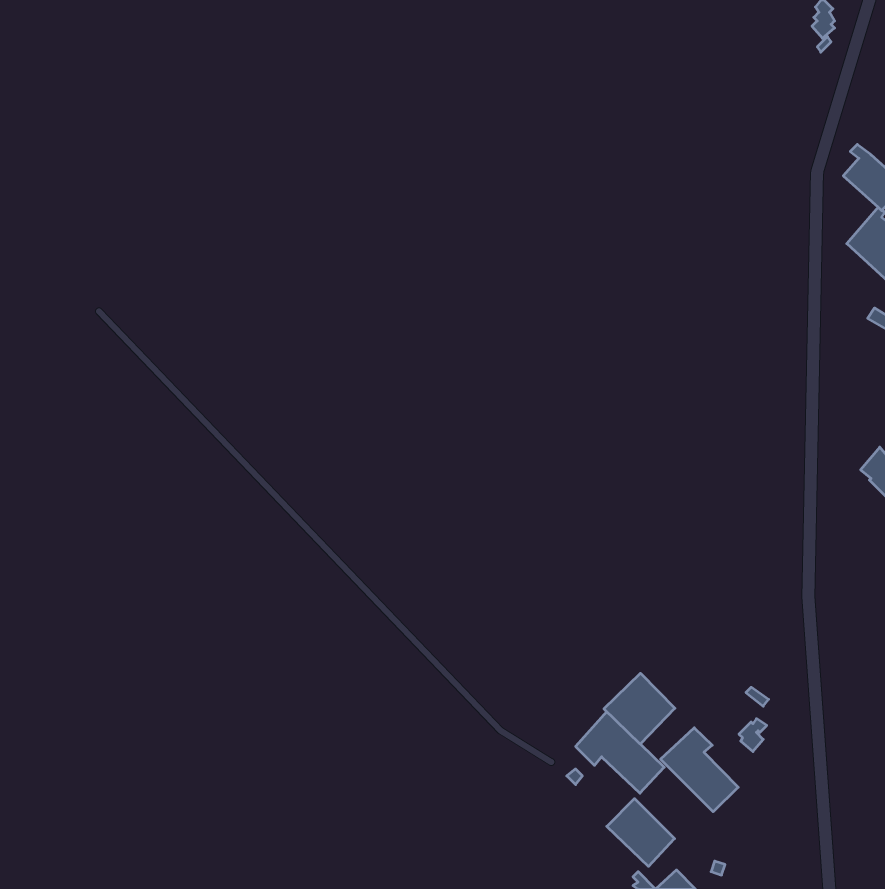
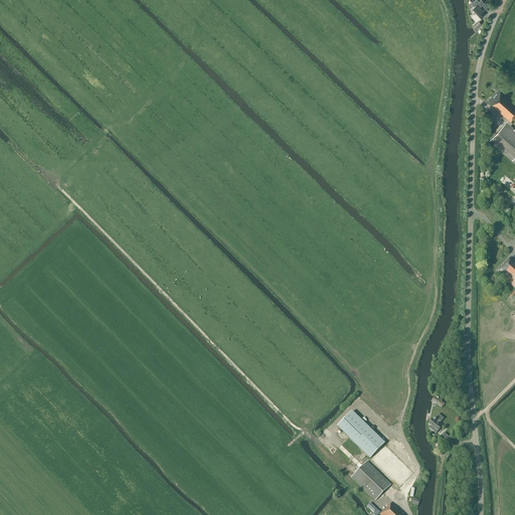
building: [604,673,675,744] -> none
building: [661,728,738,812] -> none

